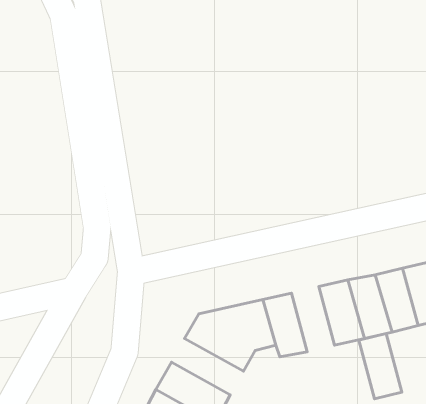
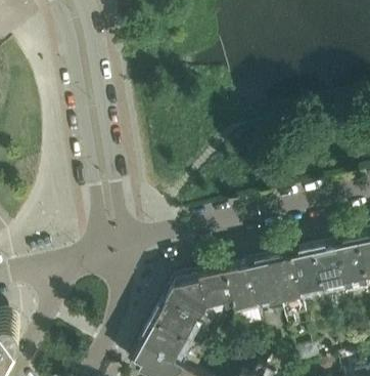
building: [359,334,402,399] -> [249,257,283,308]
building: none -> [155,298,212,342]

